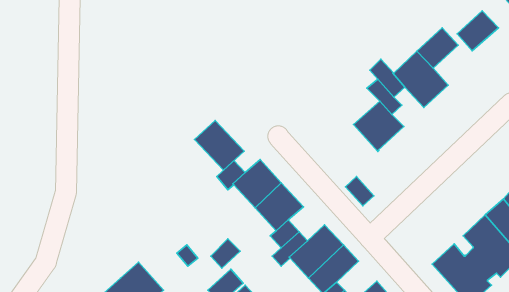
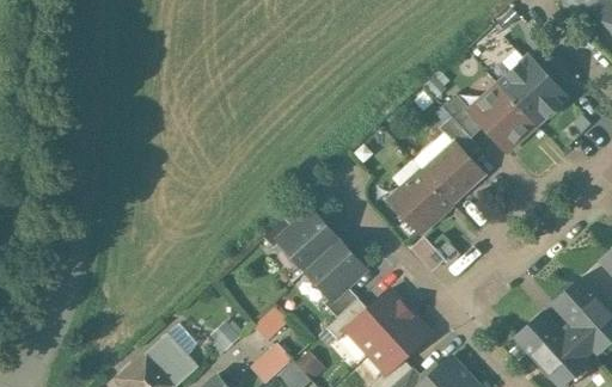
building: [457,11,498,51] -> [518,78,567,125]
building: [195,120,244,170] -> none
building: none -> [391,172,452,233]

